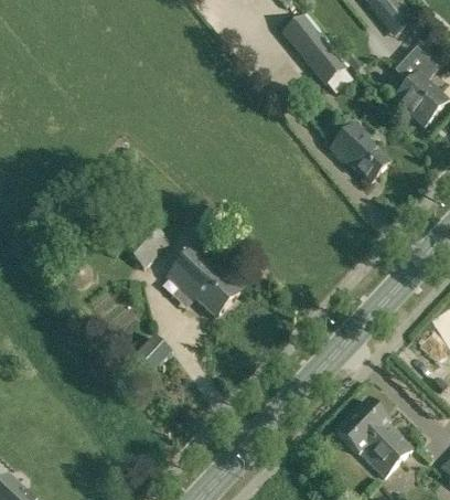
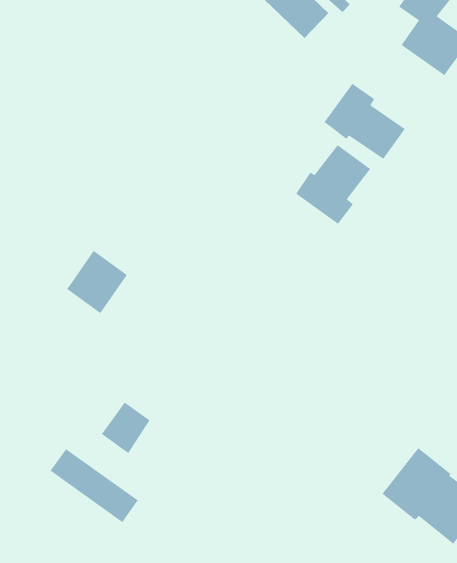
building: none -> [295,144,371,225]
building: [165,243,238,316] -> none
building: none -> [50,448,139,523]

